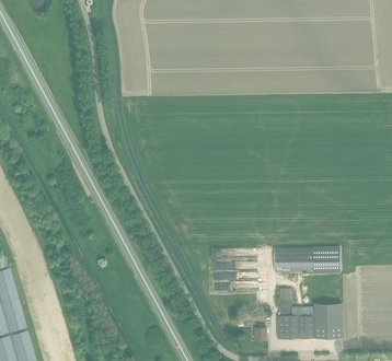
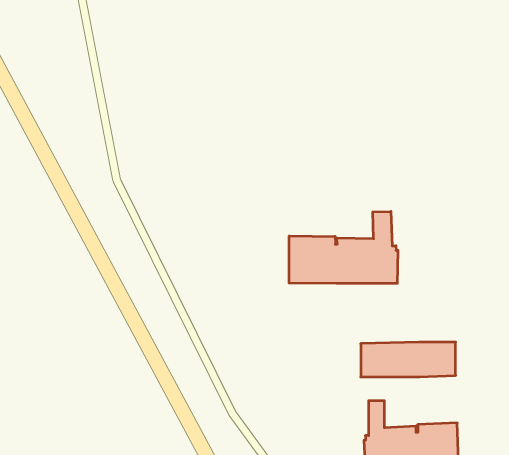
building: none -> [289,211,398,283]

